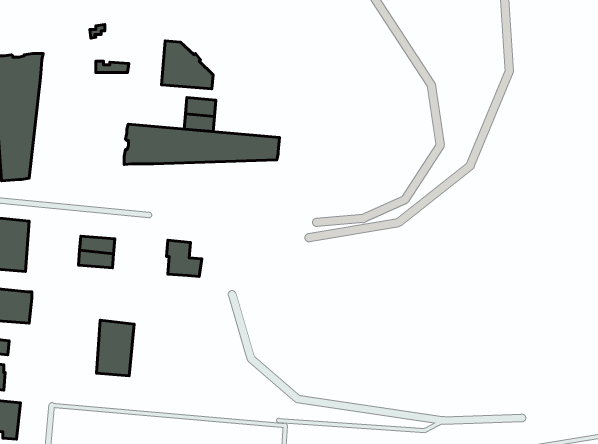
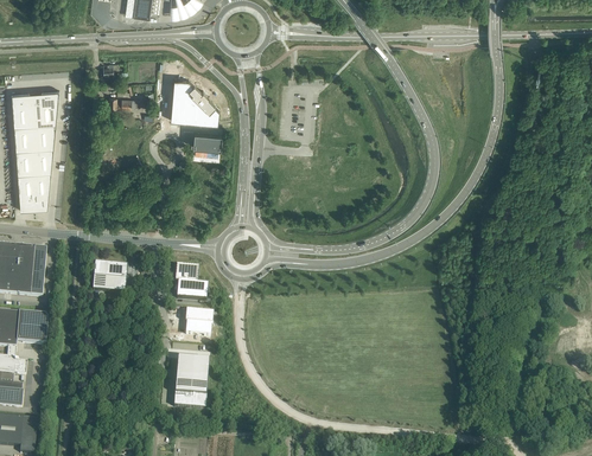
building: [124,124,280,165] -> none
building: none -> [184,310,210,334]
building: [96,320,134,376] -> [173,355,209,407]

